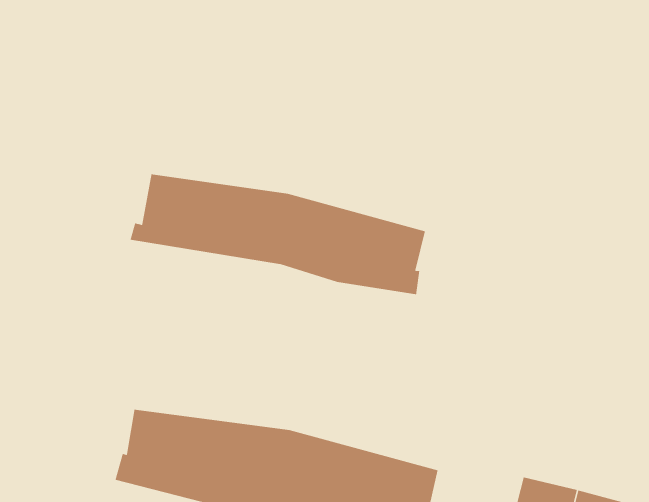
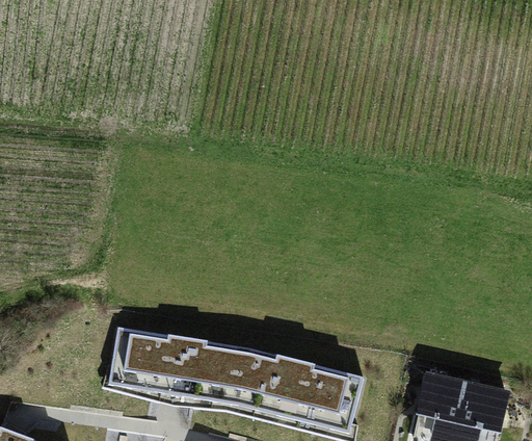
building: [130,174,426,295] -> none

